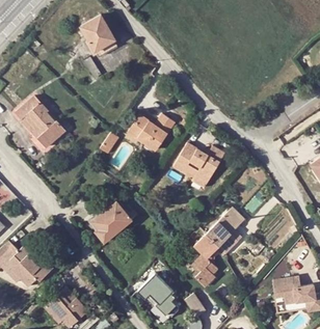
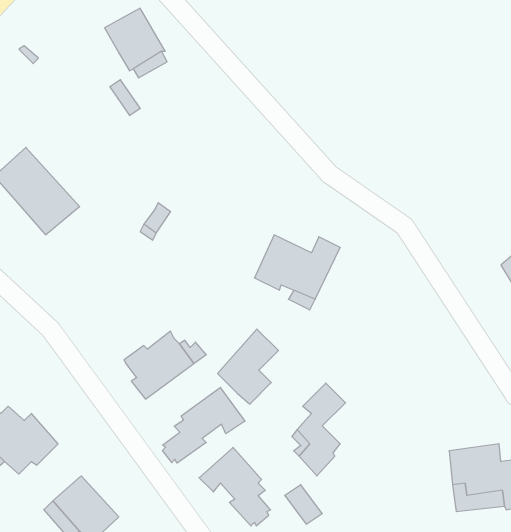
building: [126,109,171,146] -> none
building: [209,208,244,251] -> [218,329,278,404]
building: none -> [163,387,245,463]

